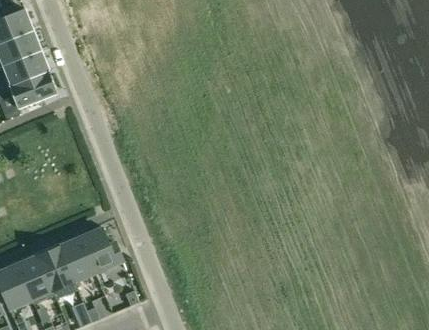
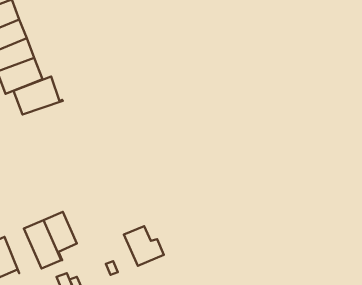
building: none -> [13,77,63,114]
building: [79,228,122,271] -> [124,226,164,266]
building: [16,255,56,303] -> none

